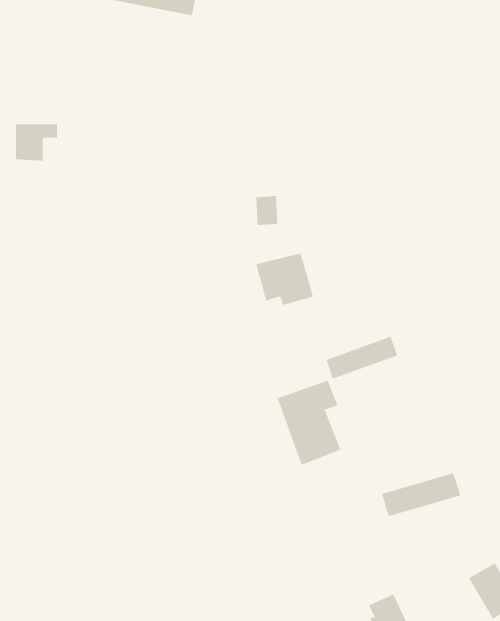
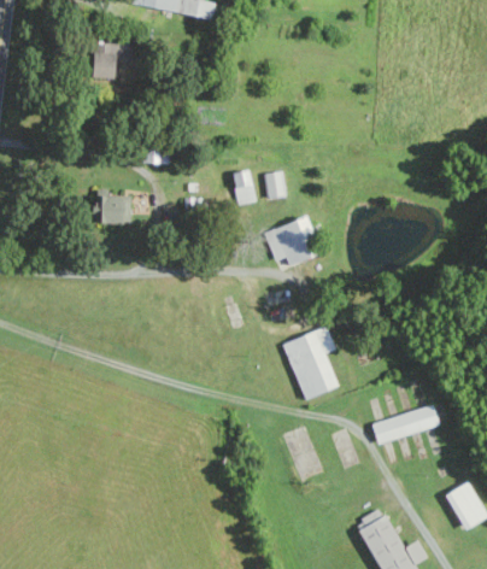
building: [15,124,58,161] -> [92,45,128,76]
building: none -> [231,169,256,204]
building: none -> [96,193,130,223]
building: [326,336,398,379] -> none

